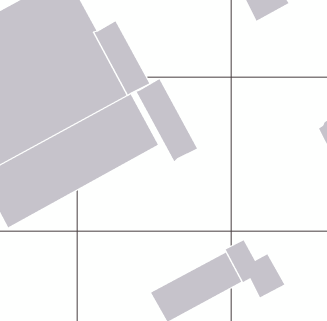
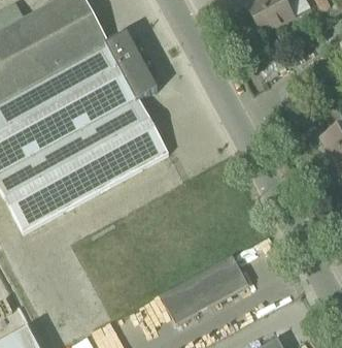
building: [136,78,198,162] -> none
building: [225,239,285,298] -> none

